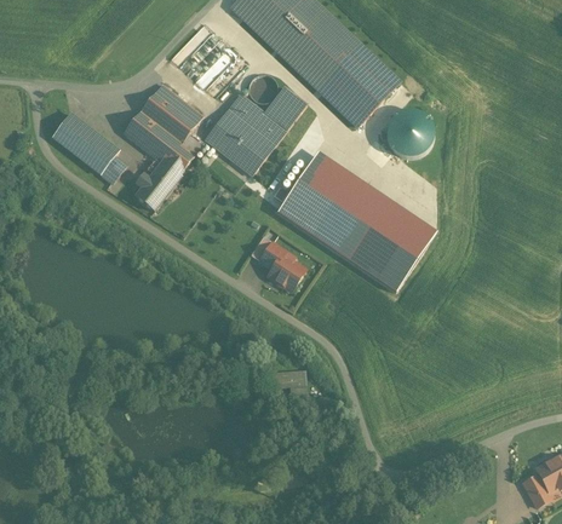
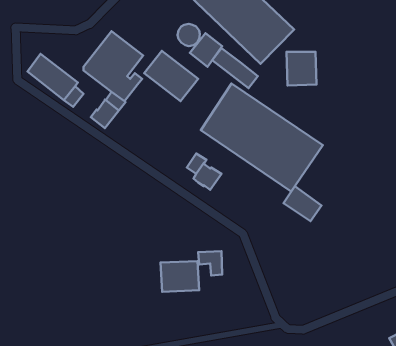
building: [226,93,286,145] -> [212,48,258,88]
building: none -> [283,186,321,221]
building: none -> [161,261,199,292]

